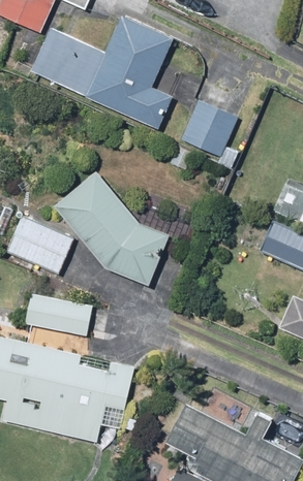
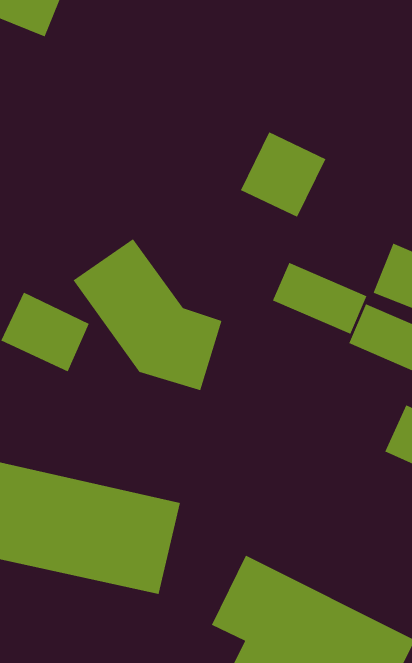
building: [29,14,180,135] -> none
building: none -> [272,262,368,335]
building: [25,294,90,334] -> none

